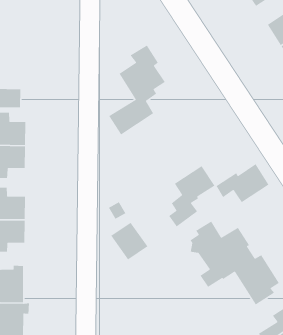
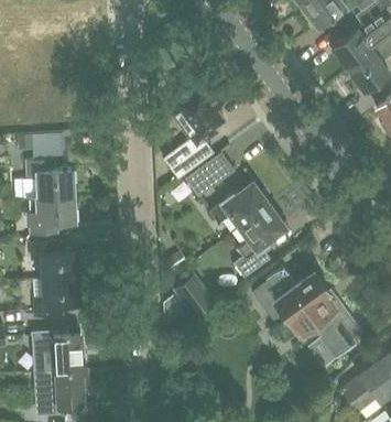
building: none -> [185,152,233,196]
building: [216,163,269,203] -> [209,183,269,228]

